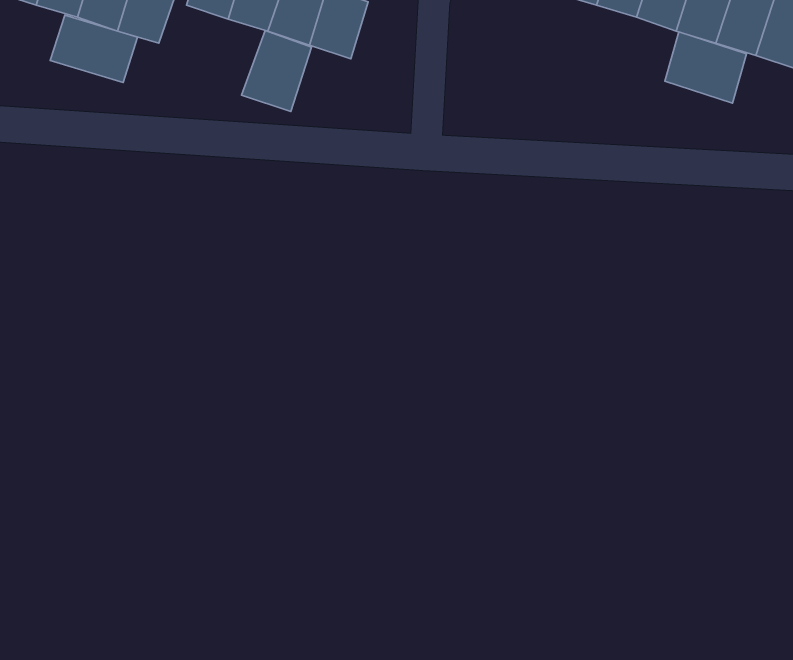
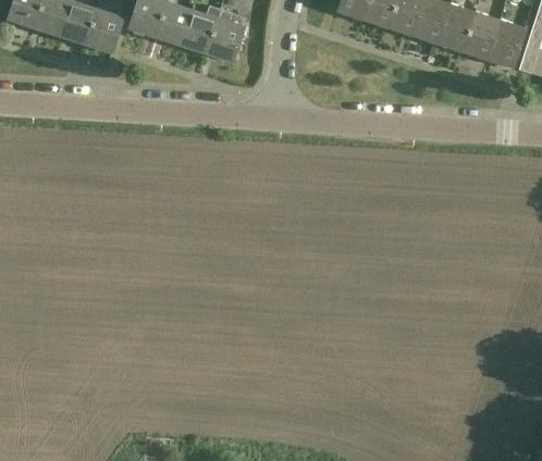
building: [50,15,138,83] -> none
building: [242,30,311,112] -> none
building: [665,32,746,103] -> none

